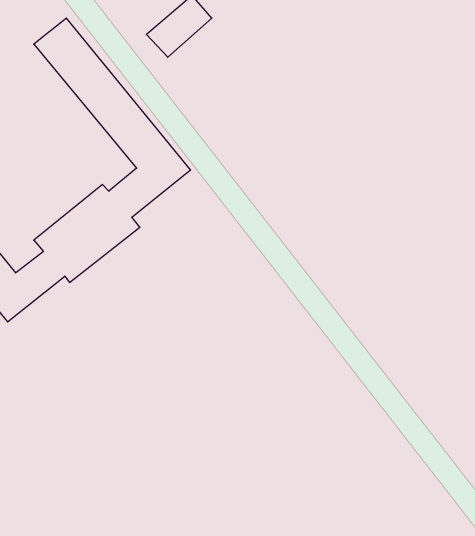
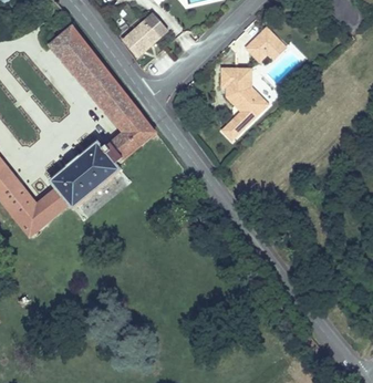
building: none -> [241,23,286,62]
building: none -> [221,71,269,131]

